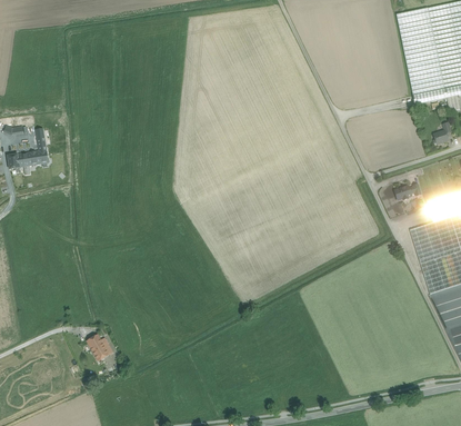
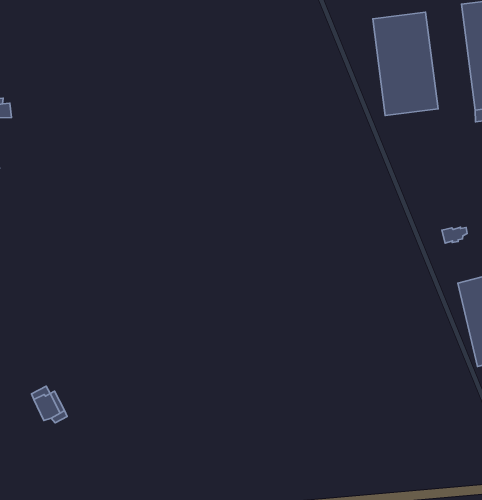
building: none -> [373,12,438,115]

